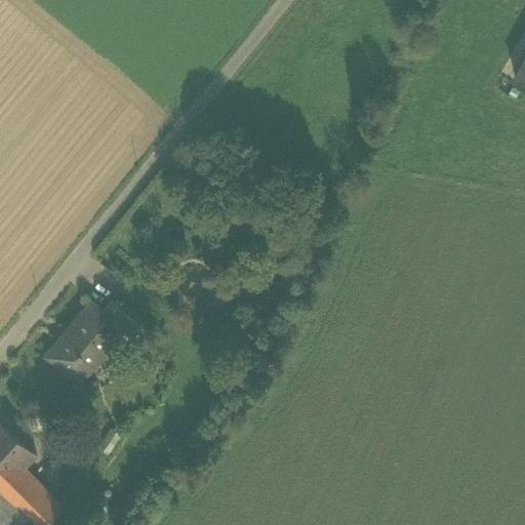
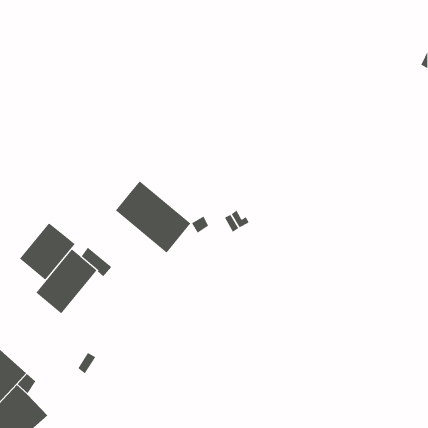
building: none -> [115,180,191,253]
building: none -> [19,222,75,280]

